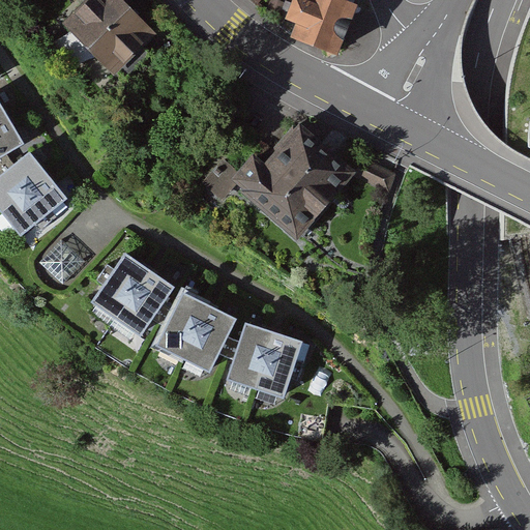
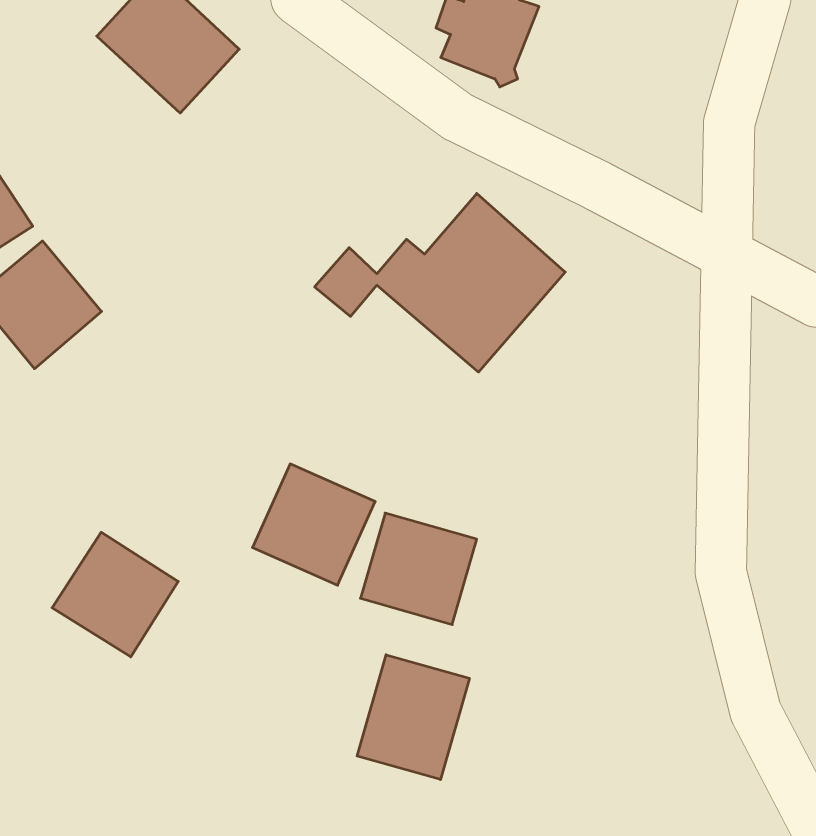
building: [93,254,173,332] -> [52,532,178,657]
building: none -> [357,655,469,780]

